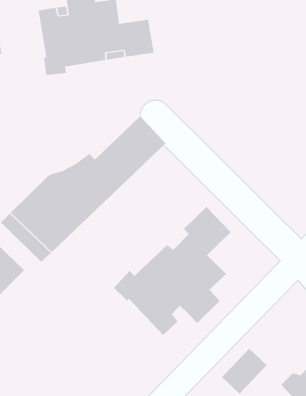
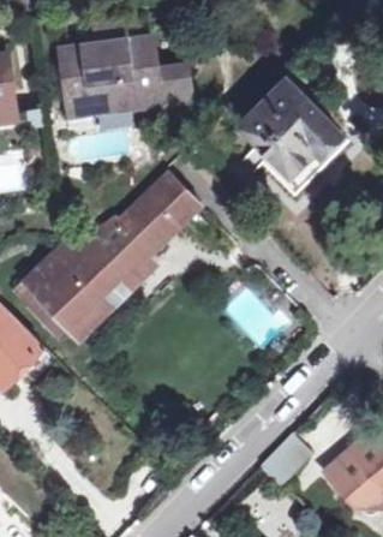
building: none -> [243,82,345,179]
building: [113,206,231,336] -> none

